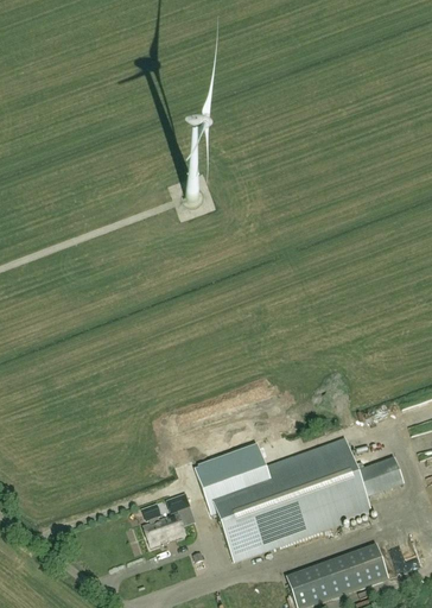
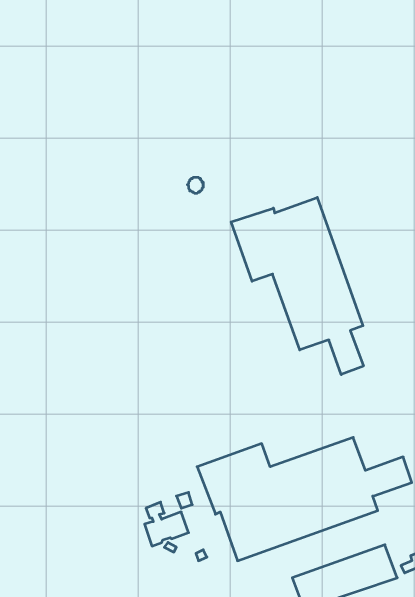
building: none -> [231,197,363,375]

